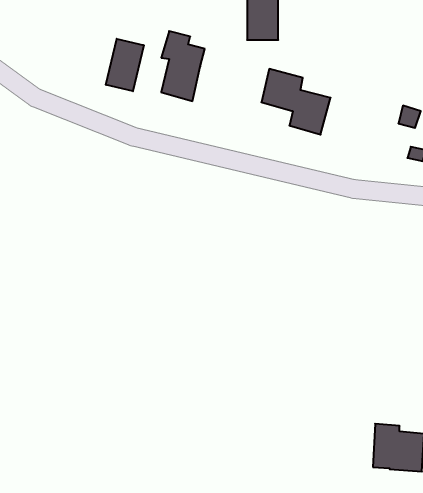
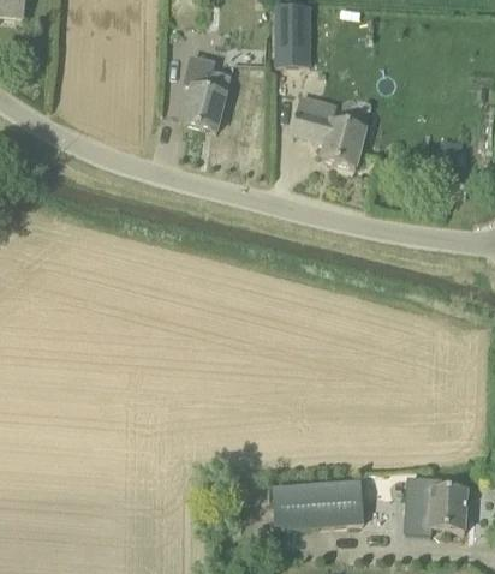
building: [106,39,144,91] -> none
building: none -> [273,482,363,527]

